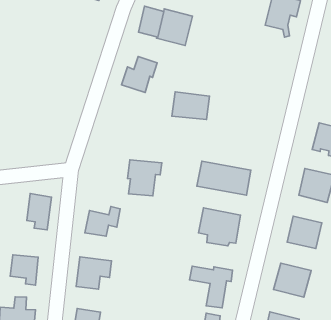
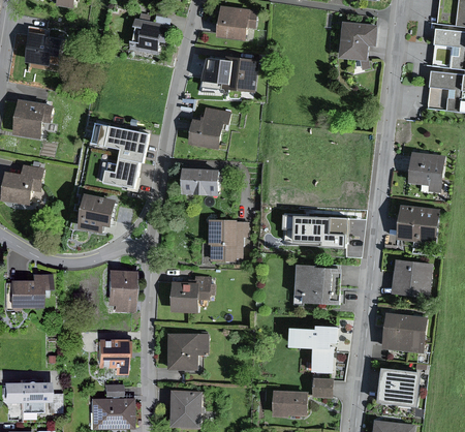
building: none -> [90,120,152,187]
building: [172,92,209,119] -> [180,167,218,194]
building: none -> [82,196,114,230]

